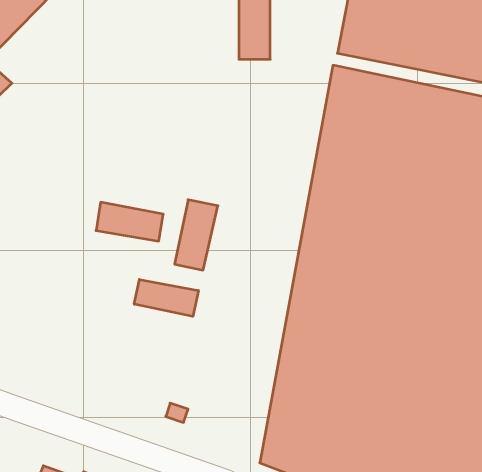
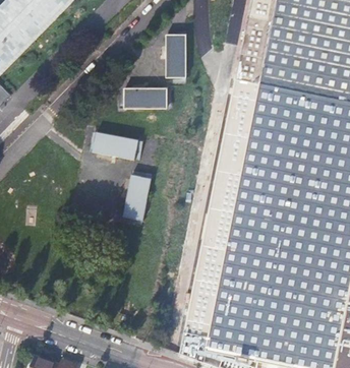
building: none -> [124,87,169,107]
building: [96,202,163,241] -> [94,131,139,158]
building: [134,279,198,316] -> none

